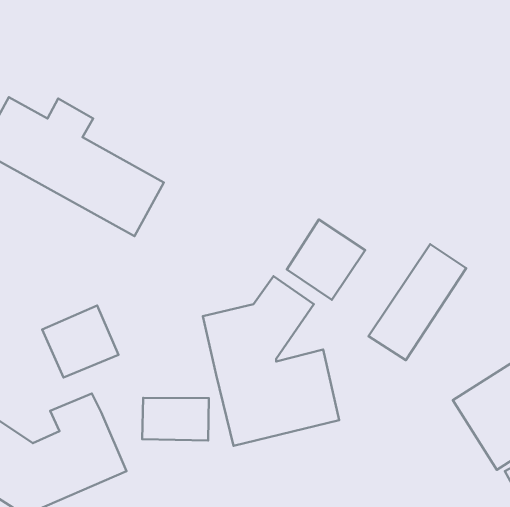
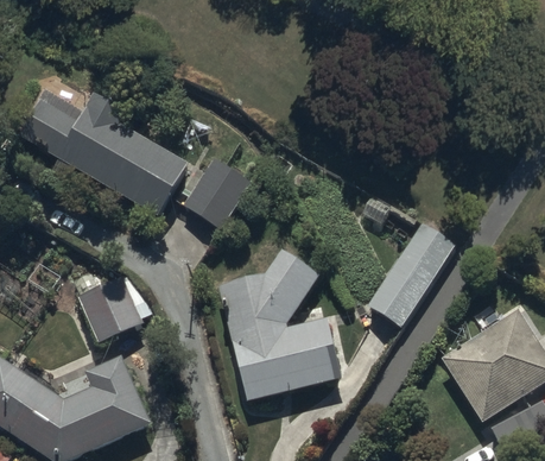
building: none -> [184,157,253,229]
building: [287,219,365,300] -> none
building: [142,398,209,440] -> none

